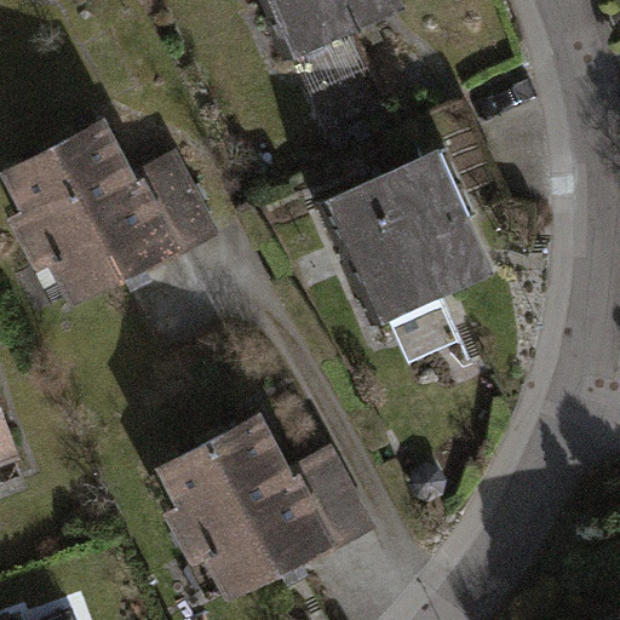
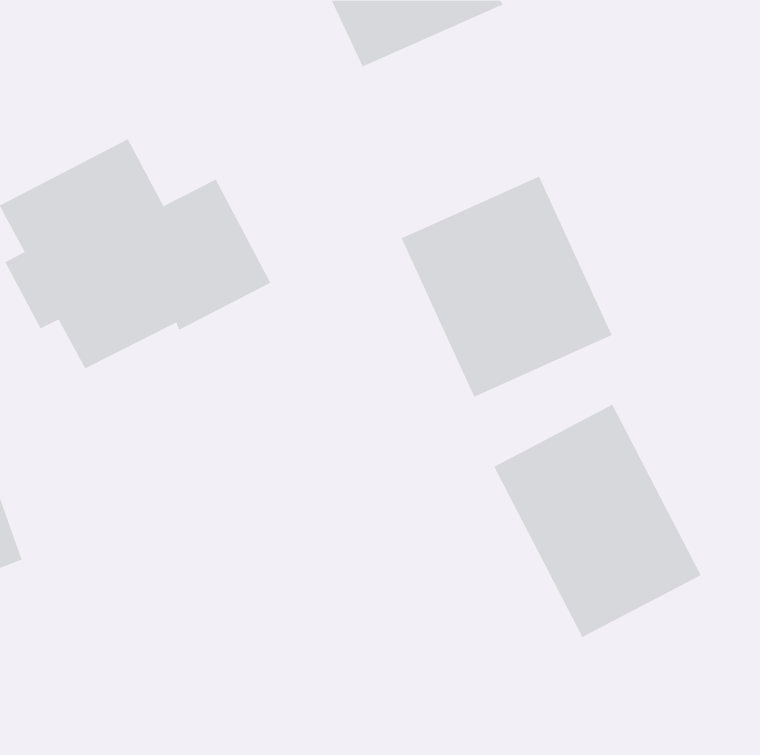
building: none -> [493,404,701,638]
building: [155,413,375,602] -> none

